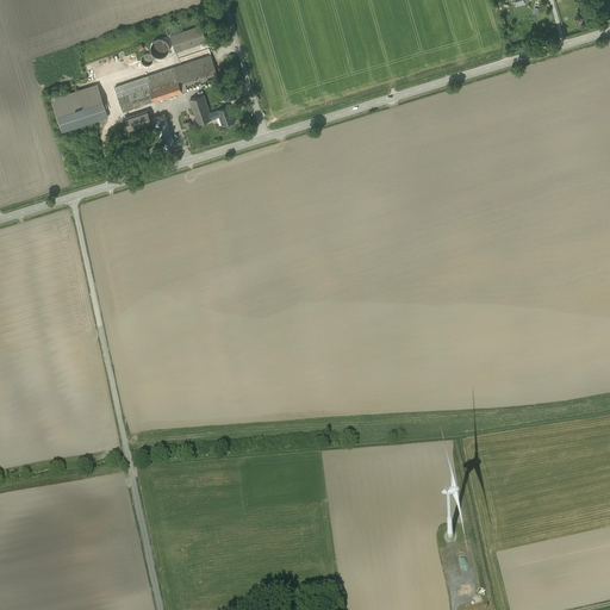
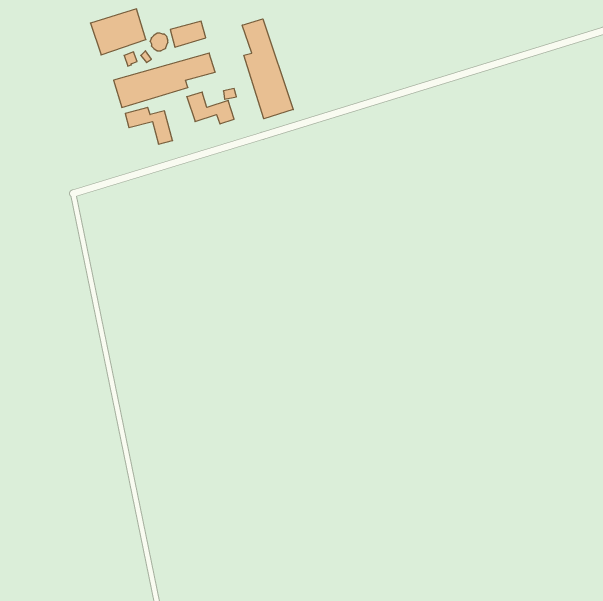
building: none -> [242,19,293,119]
building: [50,87,106,133] -> [90,9,146,55]

